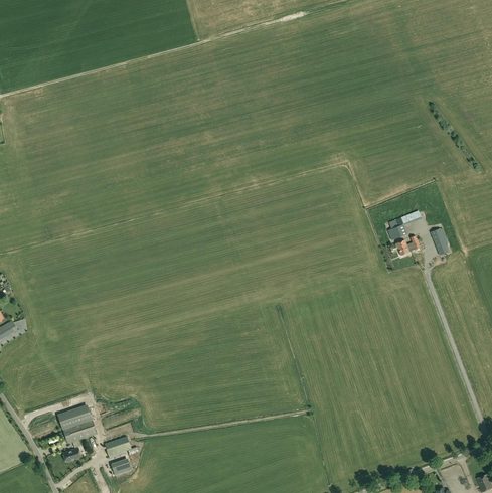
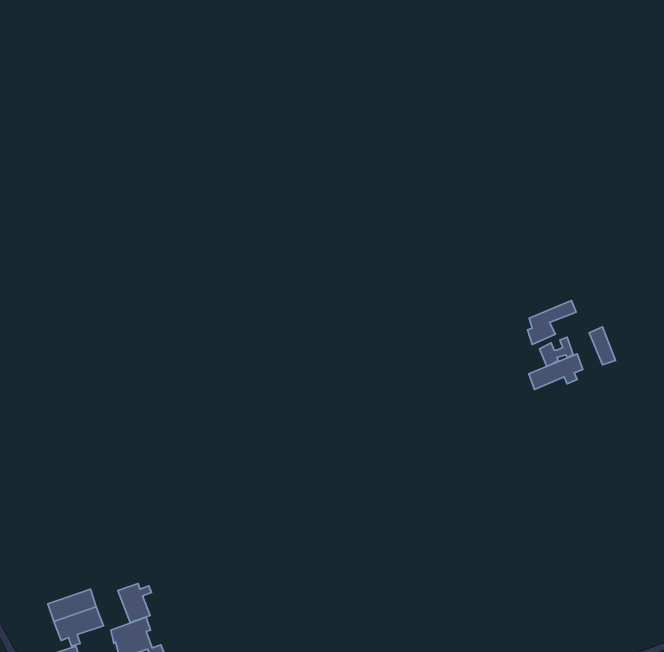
building: none -> [529,354,583,390]
building: none -> [118,583,151,623]

